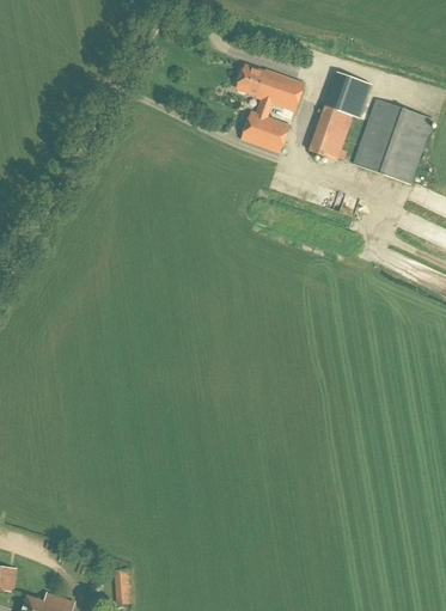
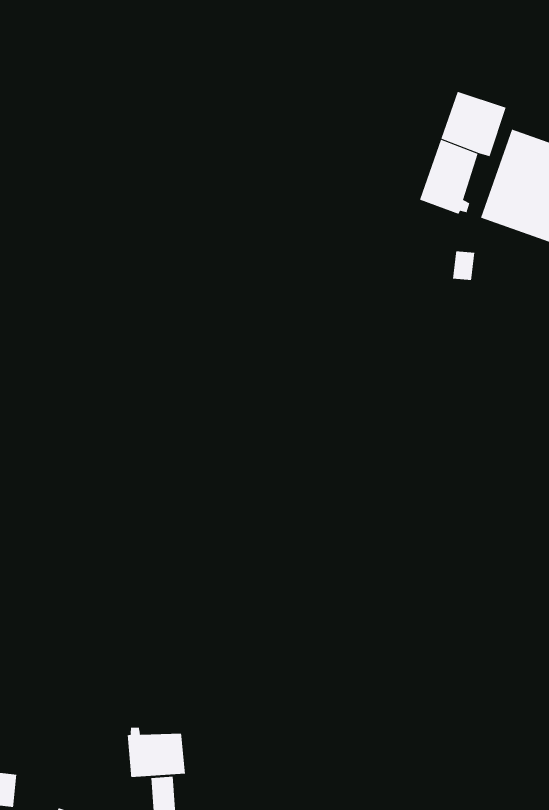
building: [237,65,305,154] -> none
building: none -> [127,727,185,778]

